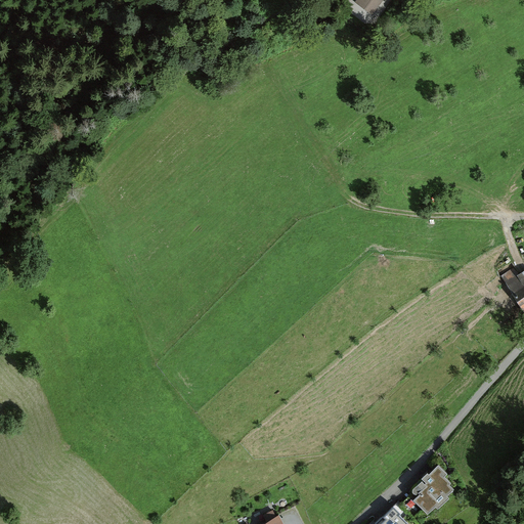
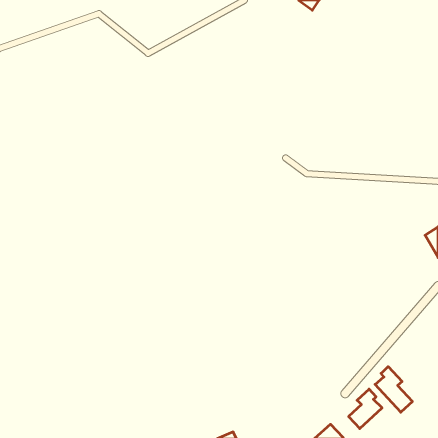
building: none -> [375,367,412,412]

